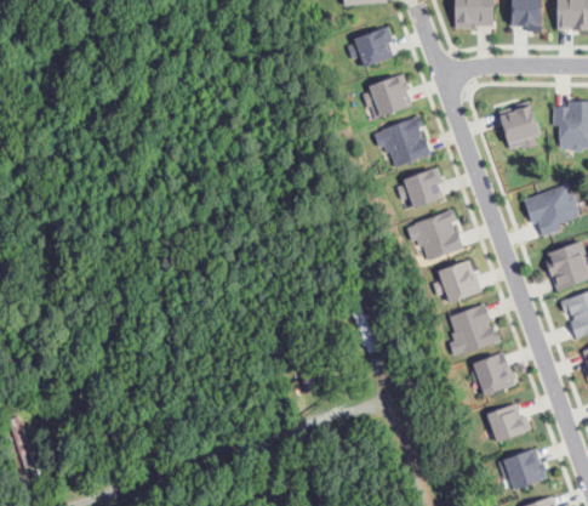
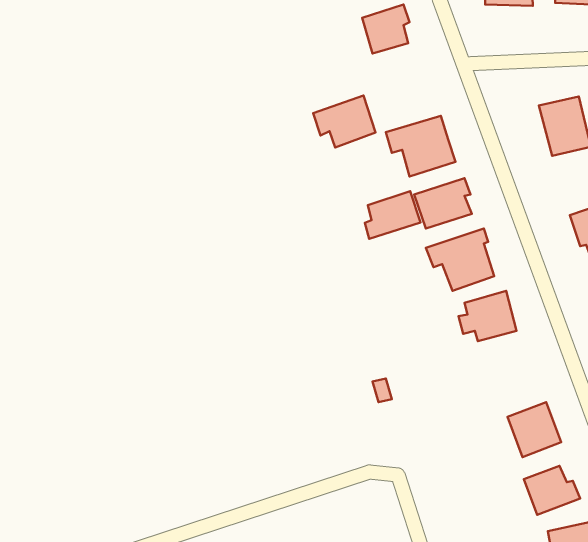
building: [361,74,412,116] -> [313,95,375,147]
building: none -> [365,191,420,239]
building: [449,303,502,356] -> none

